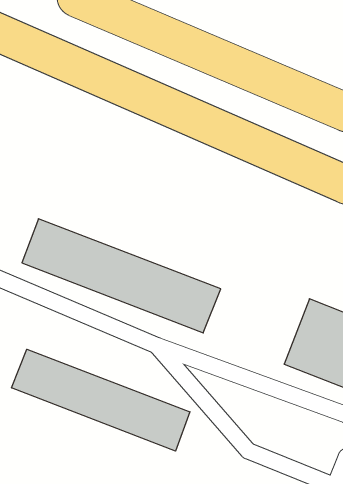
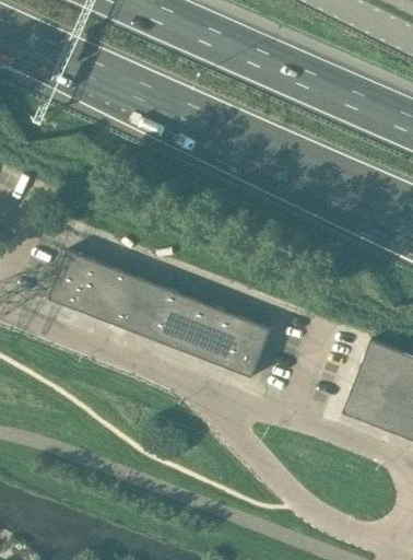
building: [12,349,190,451] -> none

